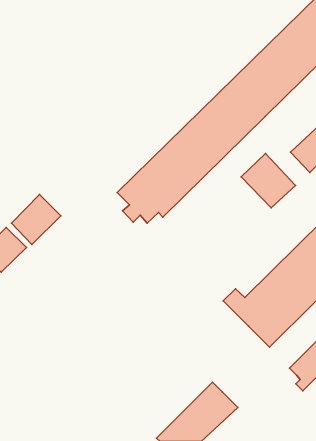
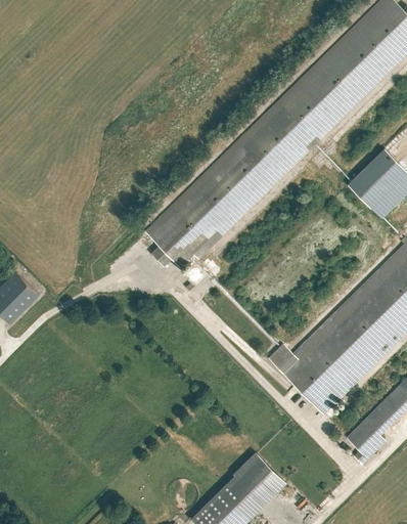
building: [241,154,295,208] -> none
building: [11,194,61,244] -> none

